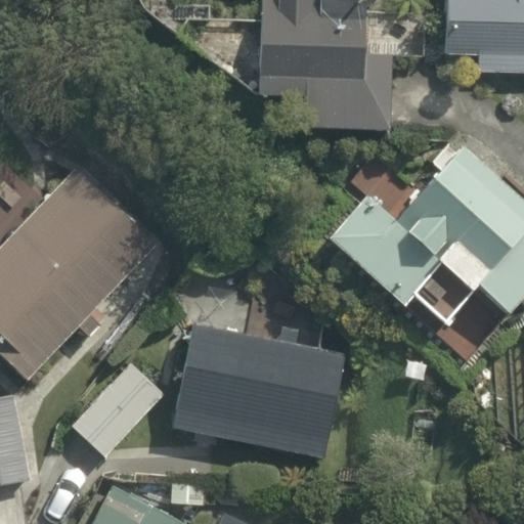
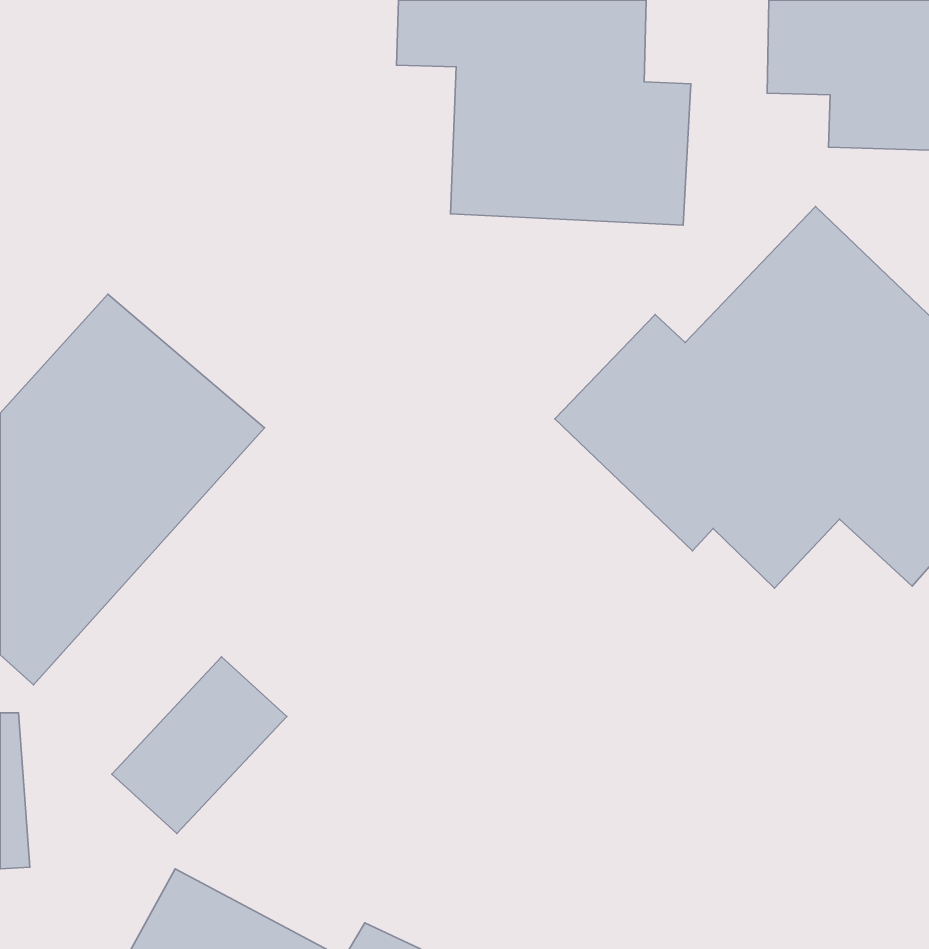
building: [171,329,341,456] -> none

